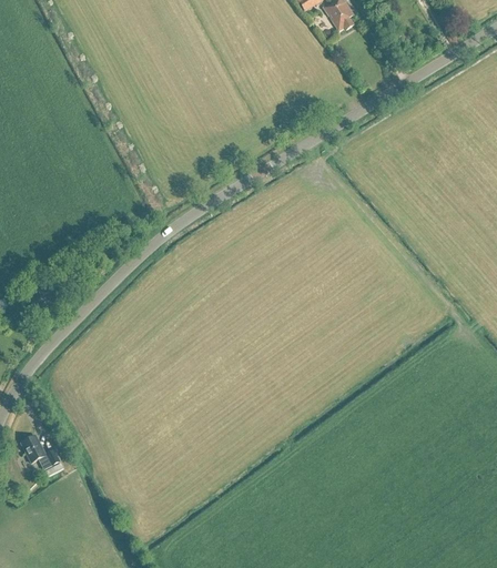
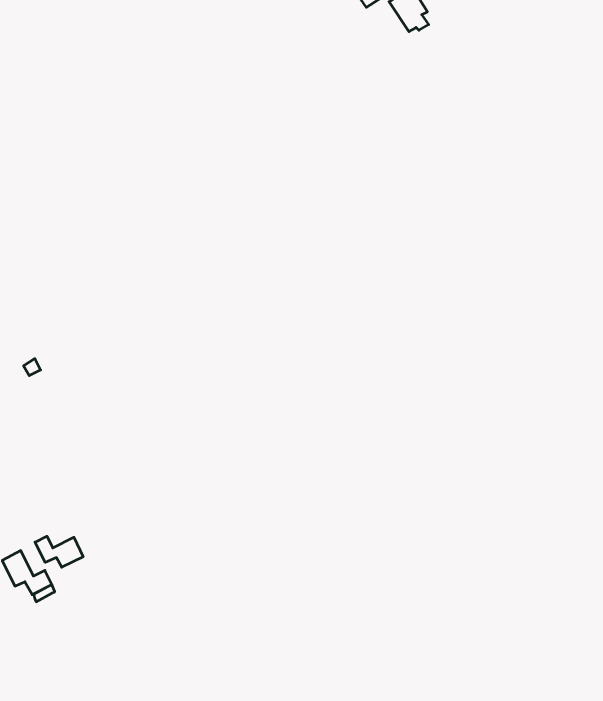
building: none -> [35,536,83,567]

